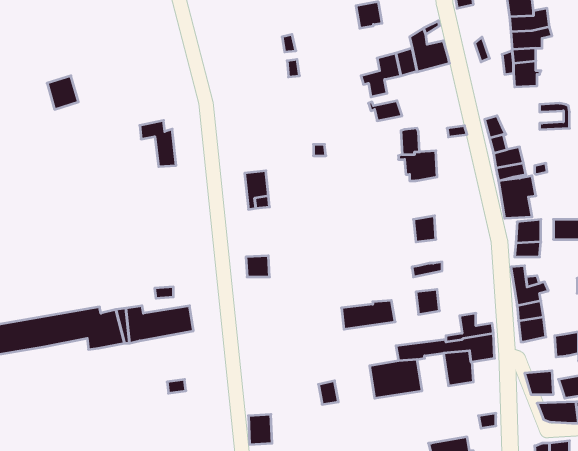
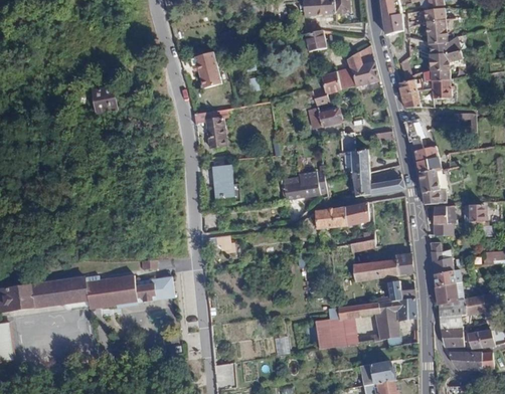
building: none -> [193,50,221,86]
building: none -> [397,78,419,107]
building: [47,76,78,109] -> [93,85,118,113]
building: [140,120,176,167] -> [194,110,223,147]
building: none -> [283,170,325,198]
building: none -> [352,171,403,195]
building: none -> [314,206,346,227]
building: [341,300,395,329] -> [369,255,412,278]
building: none -> [439,299,465,329]
building: none -> [360,361,393,385]

